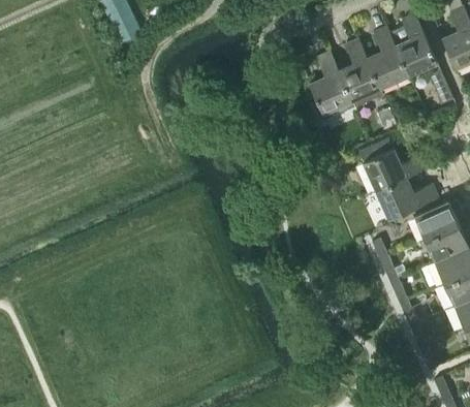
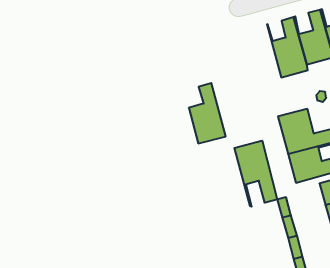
building: [309,53,354,121] -> [189,83,226,143]
building: none -> [234,141,277,207]

